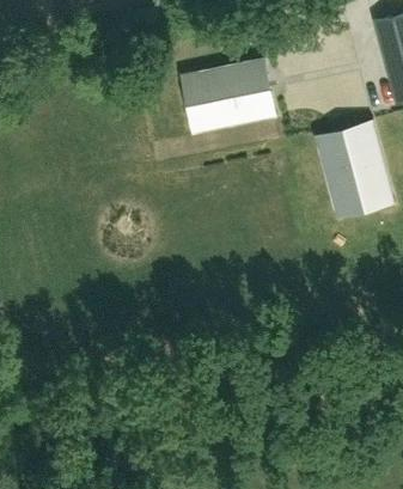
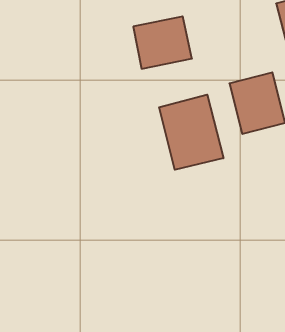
building: none -> [159,95,223,170]

